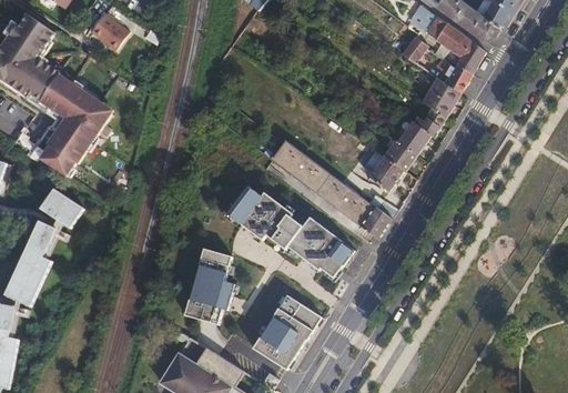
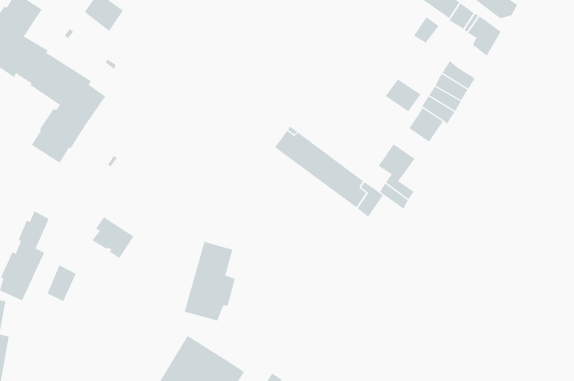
building: [444,63,471,94] -> none
building: [383,140,417,172] -> [385,78,421,112]
building: [45,187,85,226] -> [92,217,134,259]
building: [227,188,354,279] -> none
building: [359,205,393,241] -> none
building: none -> [47,265,76,302]
building: [253,295,321,370] -> none

